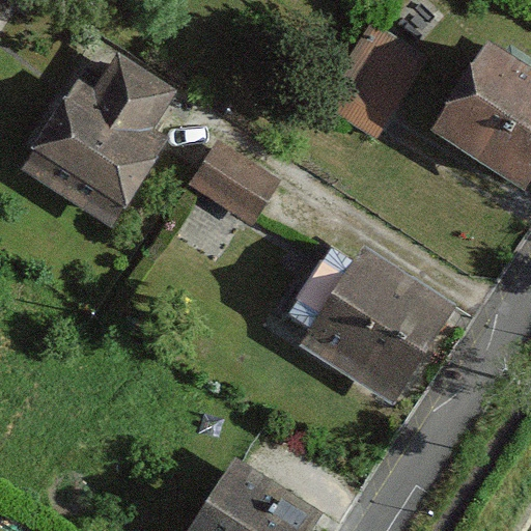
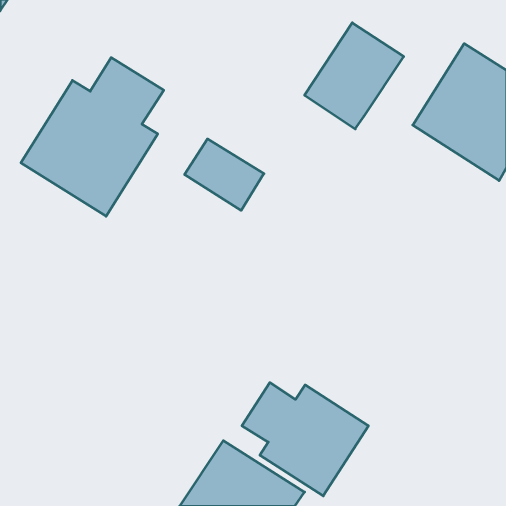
building: [294,248,456,402] -> none
building: none -> [242,383,368,496]

